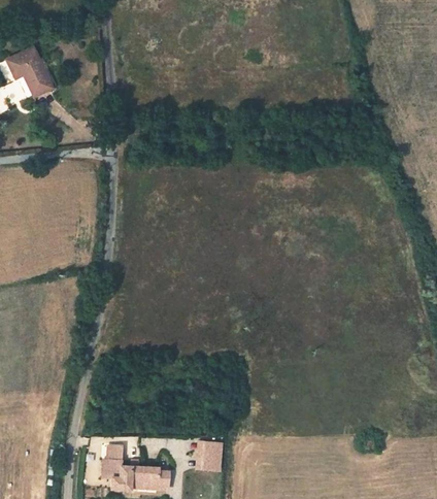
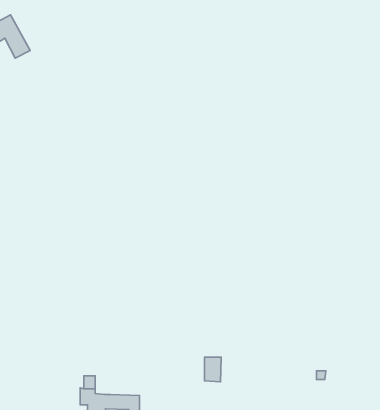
building: [205,440,224,467] -> [204,357,221,382]

